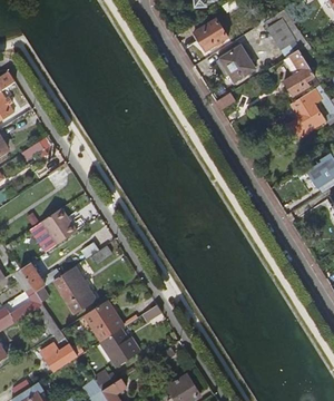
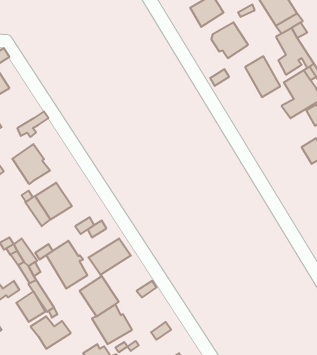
building: none -> [245,56,280,97]
building: none -> [12,144,50,184]
building: none -> [88,238,131,275]
building: none -> [16,292,45,322]

